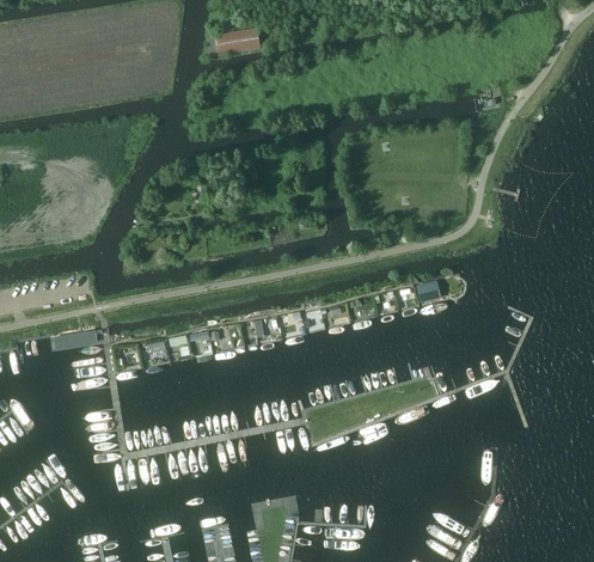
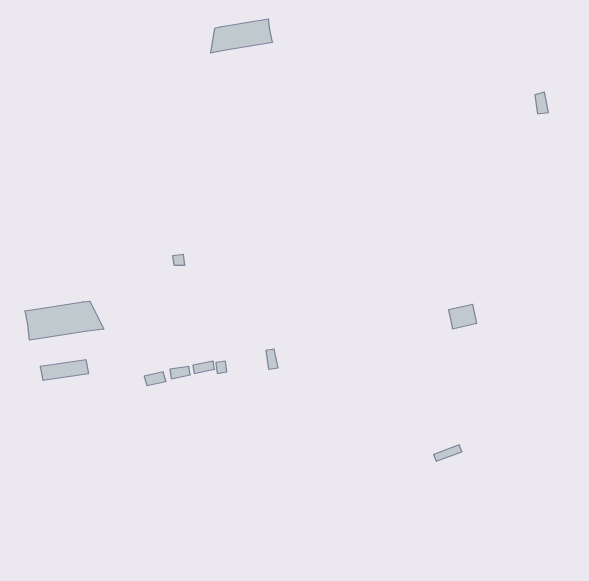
building: none -> [25,301,104,340]

